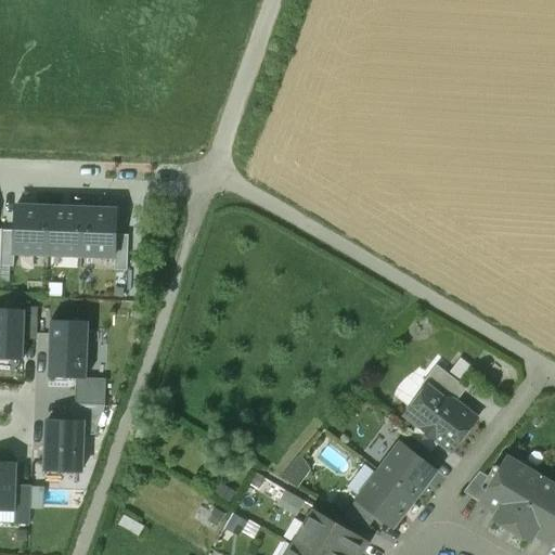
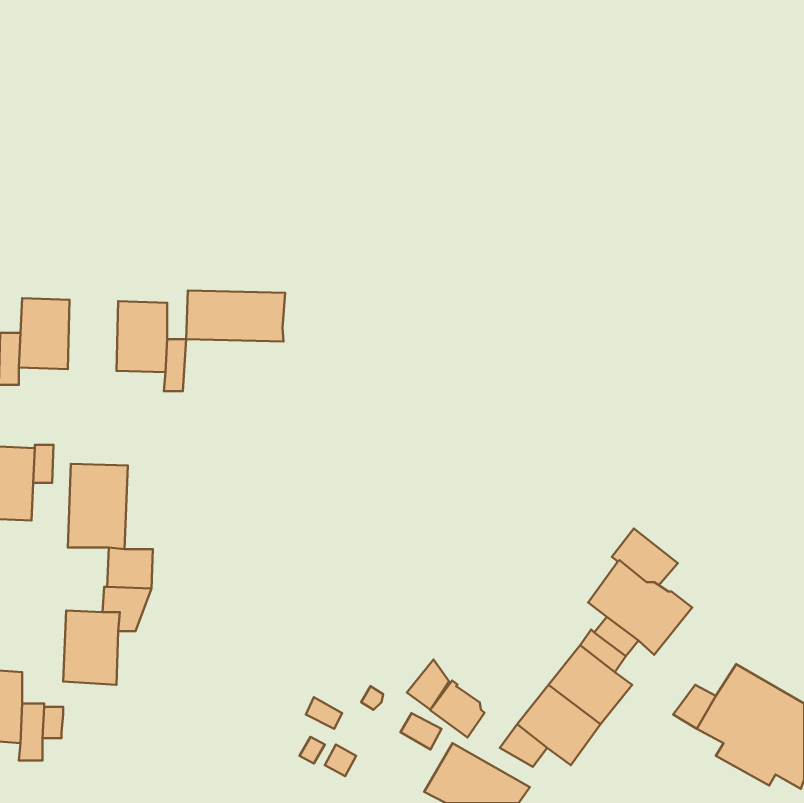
building: none -> [186,291,285,341]
building: [47,206,81,255] -> none
building: none -> [430,680,484,738]

